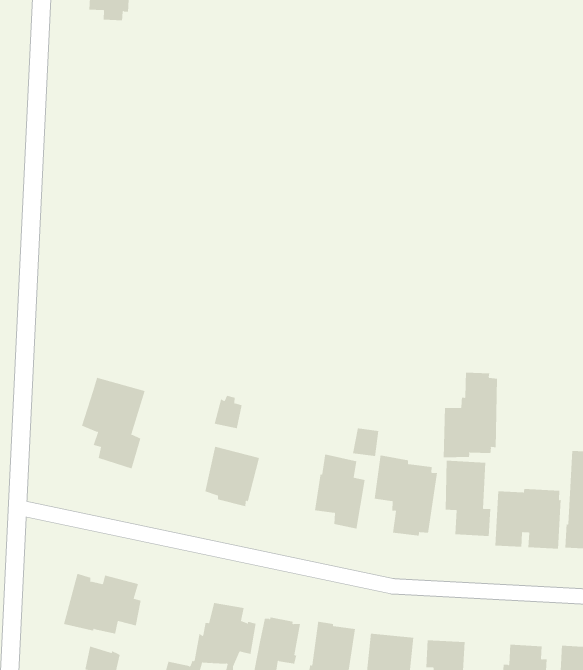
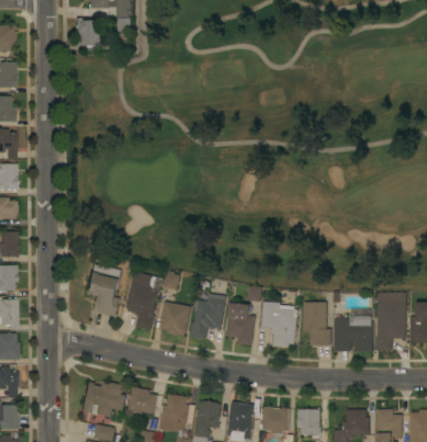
building: [443,372,497,458] -> none
building: none -> [127,271,164,330]
building: none -> [191,293,226,339]
building: none -> [130,386,158,415]

